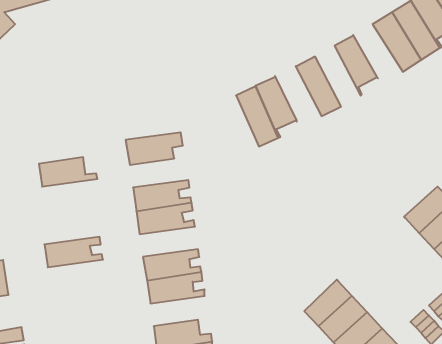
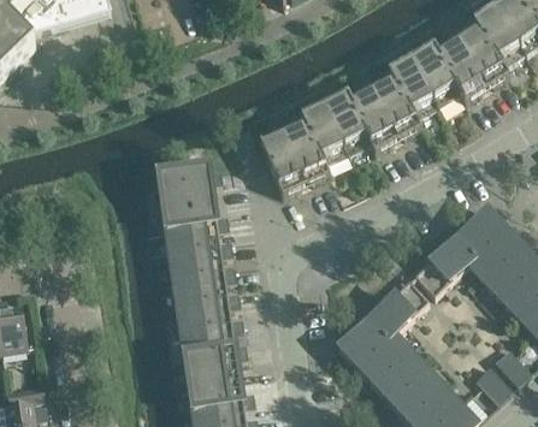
building: none -> [409,45,465,105]
building: none -> [367,69,418,136]
building: none -> [323,91,374,152]
building: none -> [255,124,305,191]
building: [39,157,97,187] -> [161,194,226,226]
building: none -> [414,206,503,292]
building: none -> [337,277,427,363]
building: [44,237,103,267] -> [172,269,237,303]
building: none -> [184,346,246,380]

